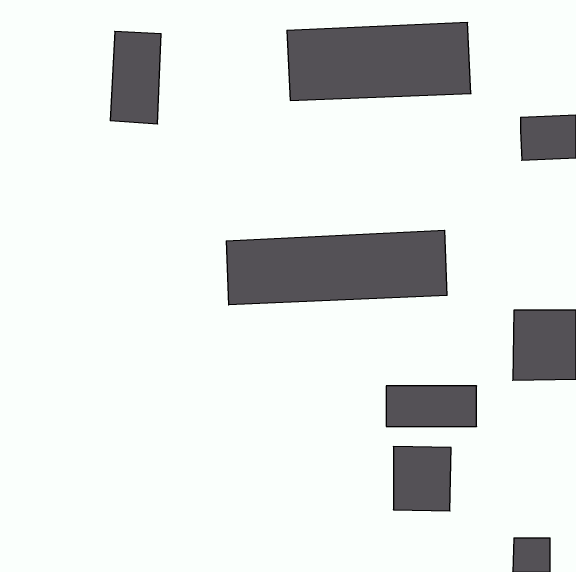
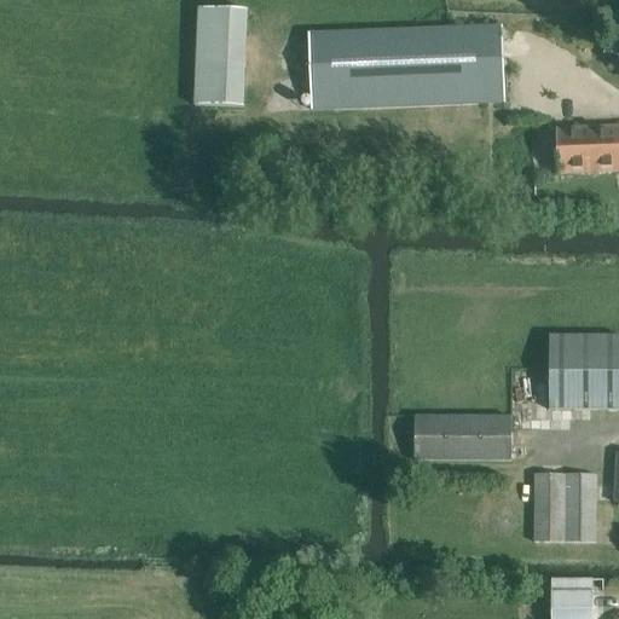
building: [110,31,161,124] -> [193,6,248,105]
building: [226,230,447,305] -> none
building: [393,447,451,511] -> [534,472,596,540]

